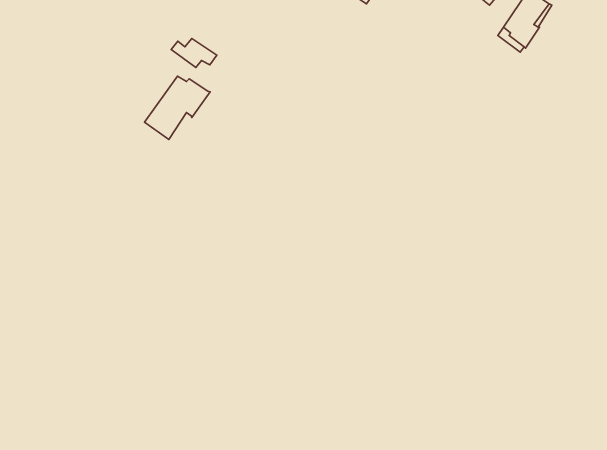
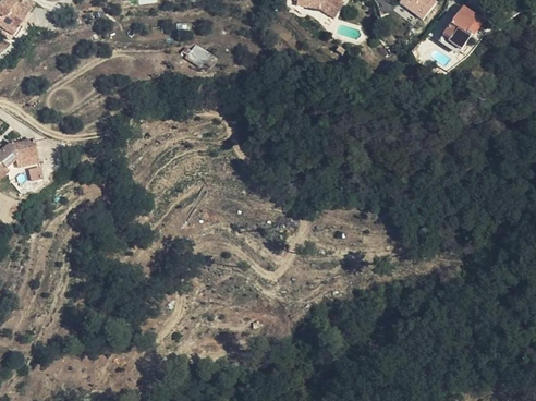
building: [145,76,210,139] -> none

